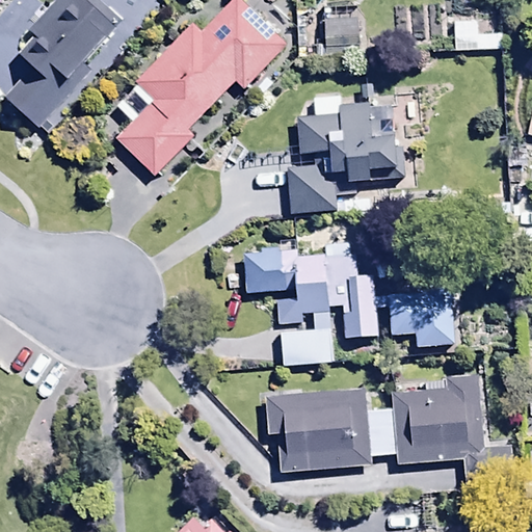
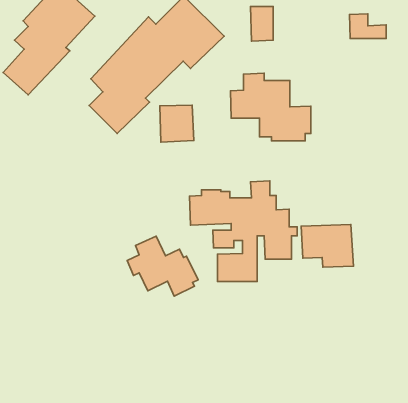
building: [288,164,331,212] -> [160,105,194,142]
building: none -> [127,236,198,296]
building: [264,373,510,489] -> none

